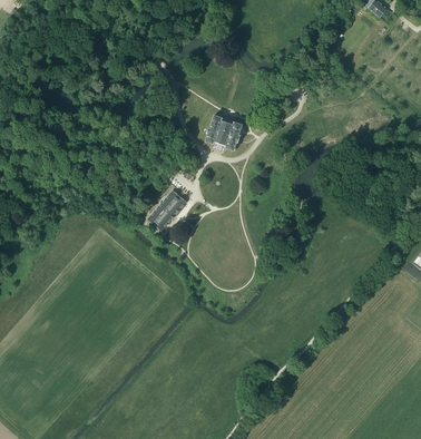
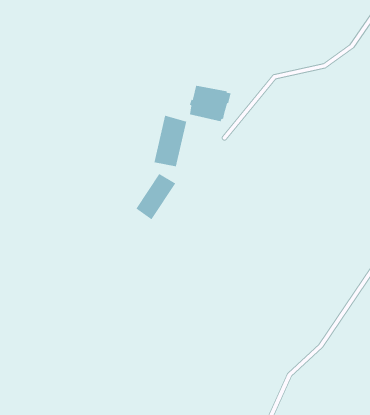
building: none -> [154,115,187,167]

